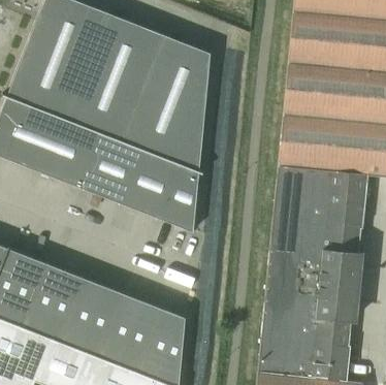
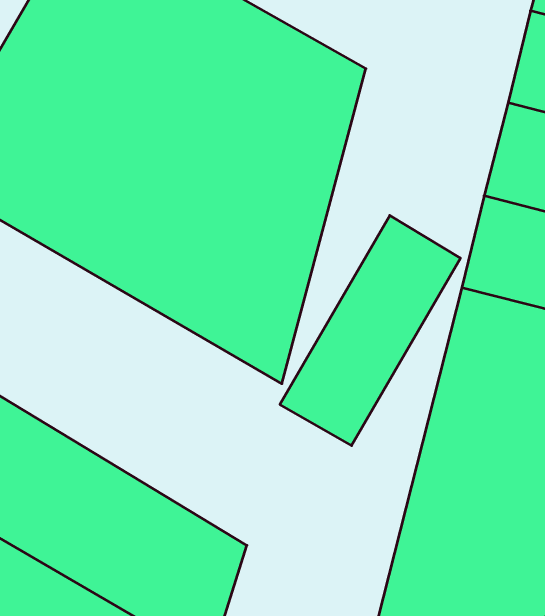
building: none -> [280,215,460,446]

